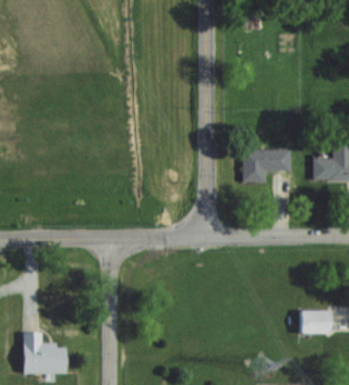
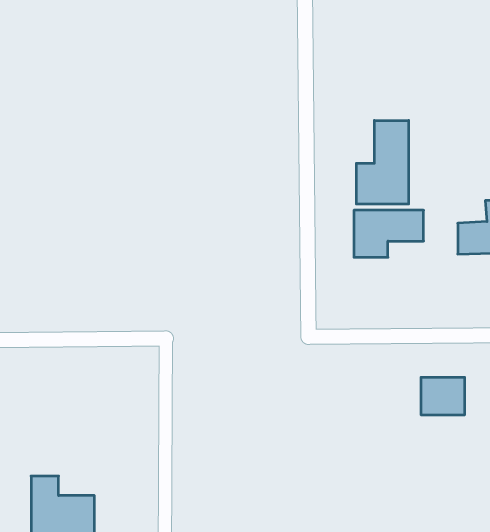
building: none -> [356,120,409,204]
building: [300,310,330,335] -> [421,377,465,415]

